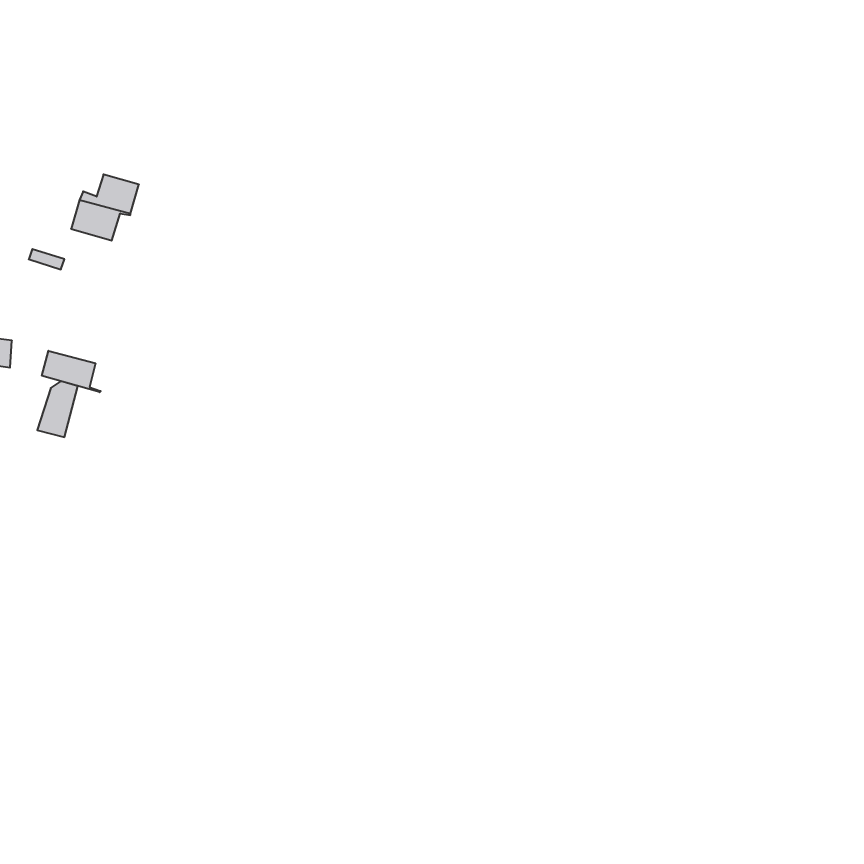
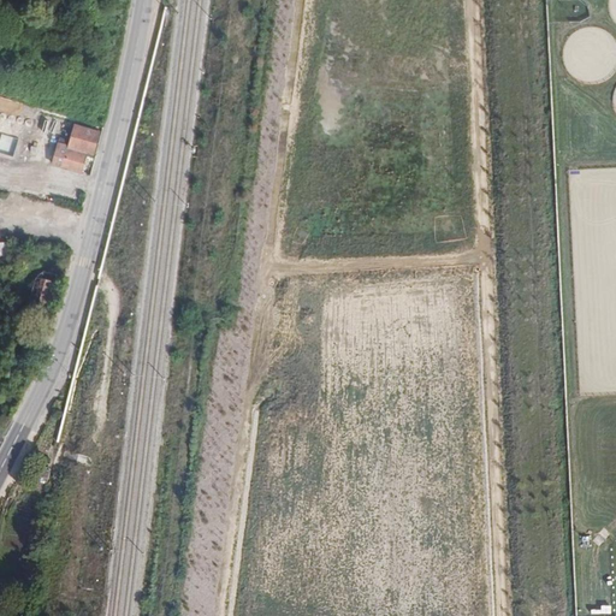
building: [42,351,101,392] -> none

